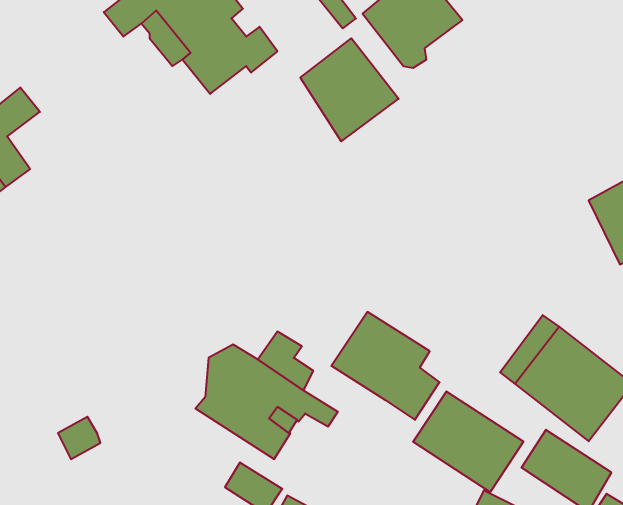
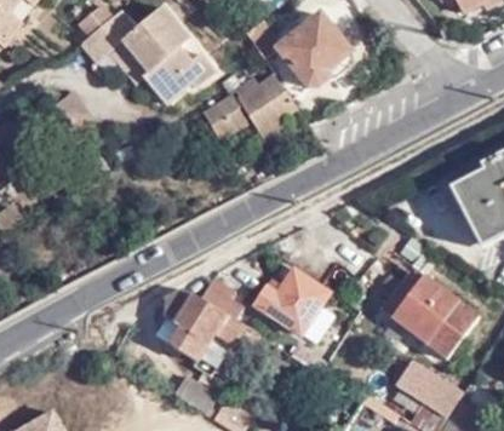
building: none -> [201,93,248,143]
building: [413,391,523,492] -> none

